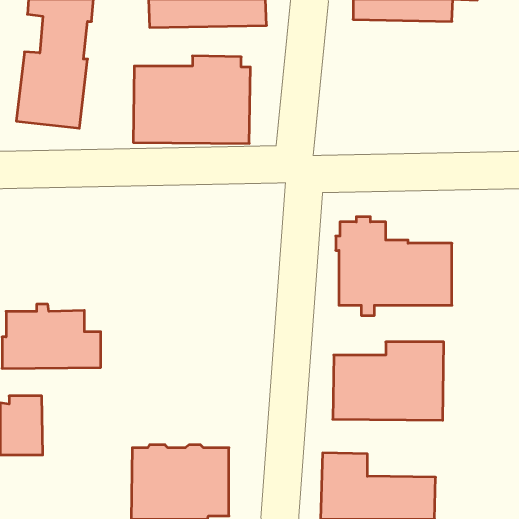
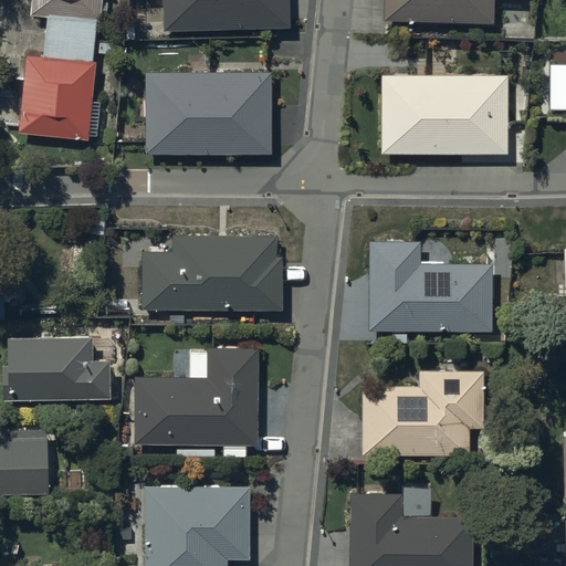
building: none -> [381,74,513,155]
building: none -> [142,237,283,311]
building: none -> [134,349,258,457]

